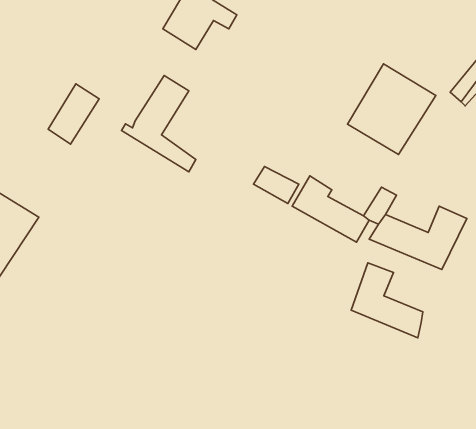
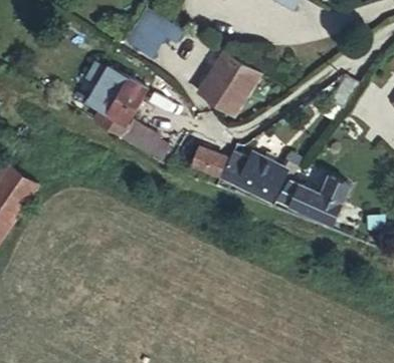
building: [348,64,436,155] -> [197,52,261,118]
building: [48,84,99,144] -> [92,68,130,112]
building: [351,263,423,338] -> none

